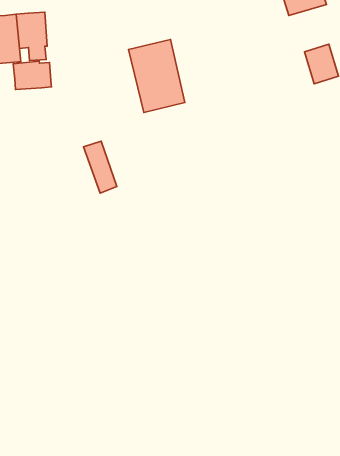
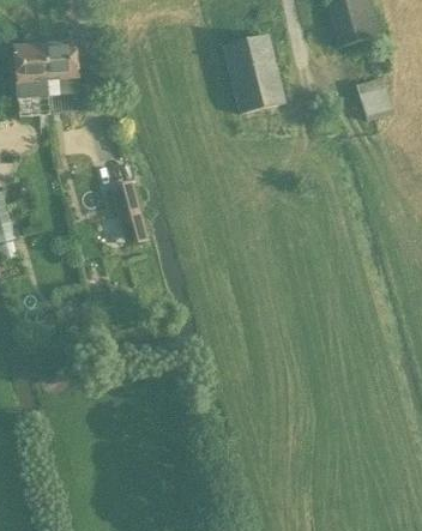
building: [129,40,185,112] -> [222,34,283,113]
building: [13,61,51,90] -> none

